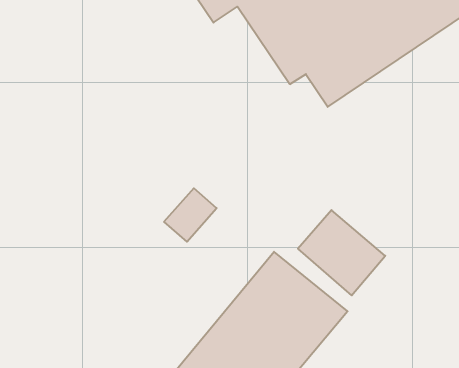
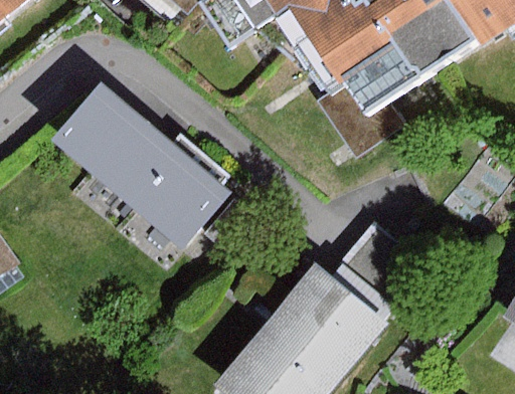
building: none -> [51,85,229,250]

